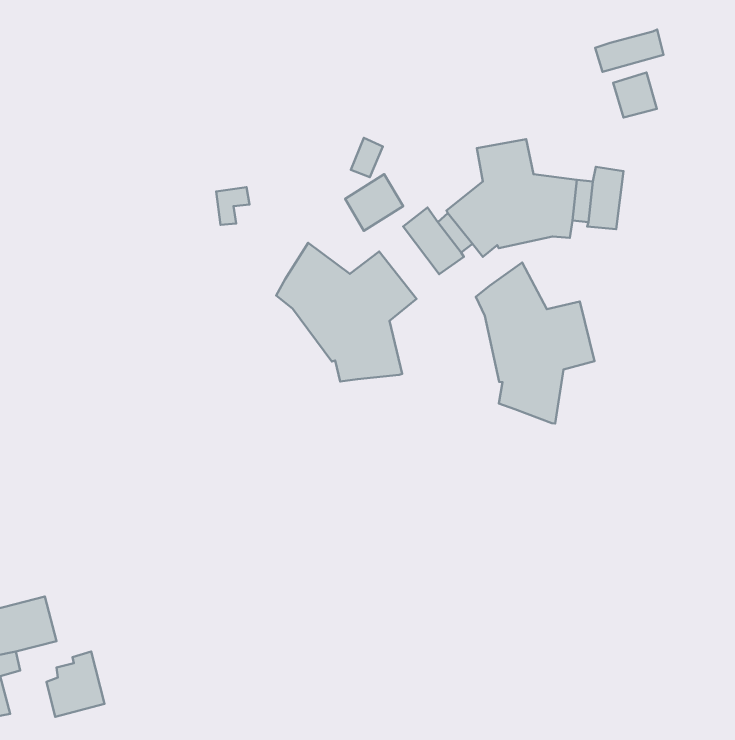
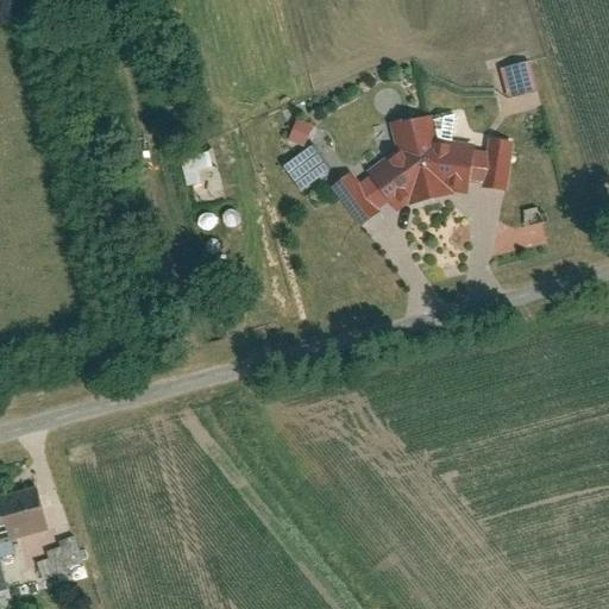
building: [595,29,663,72] -> none
building: [276,243,417,382] -> none
building: [476,263,595,424] -> none

